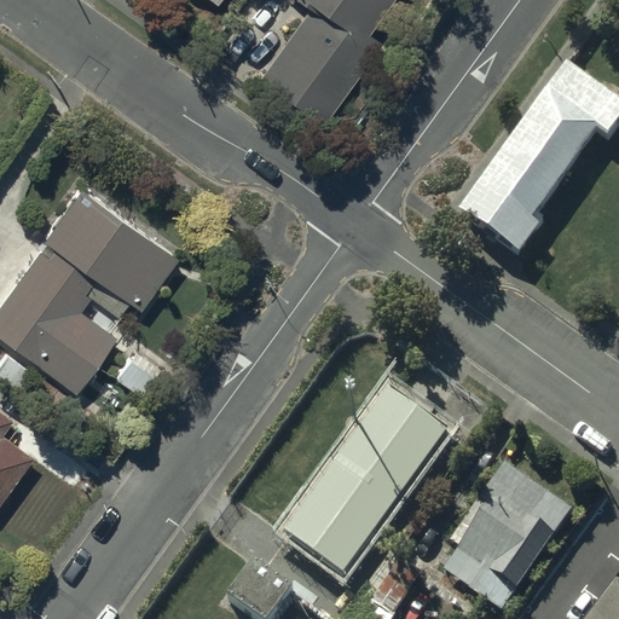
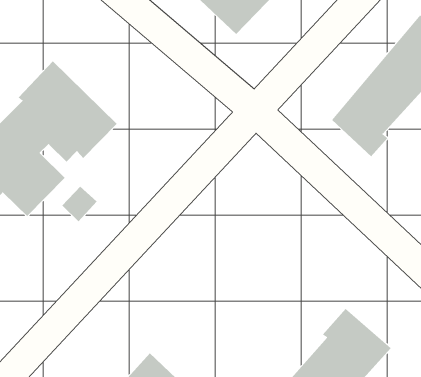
building: [287,380,446,568] -> none

